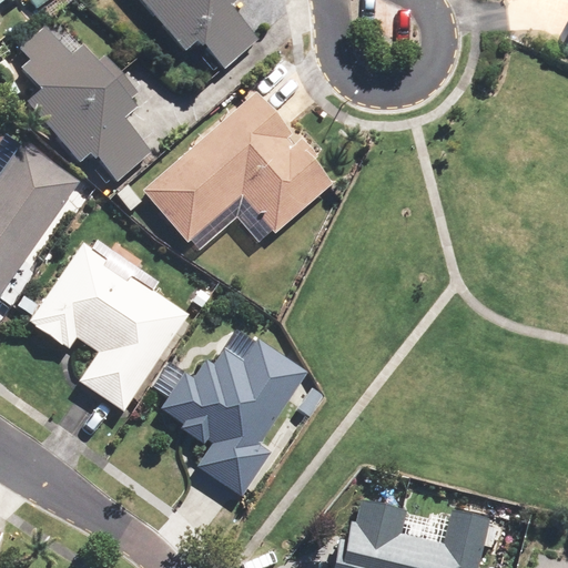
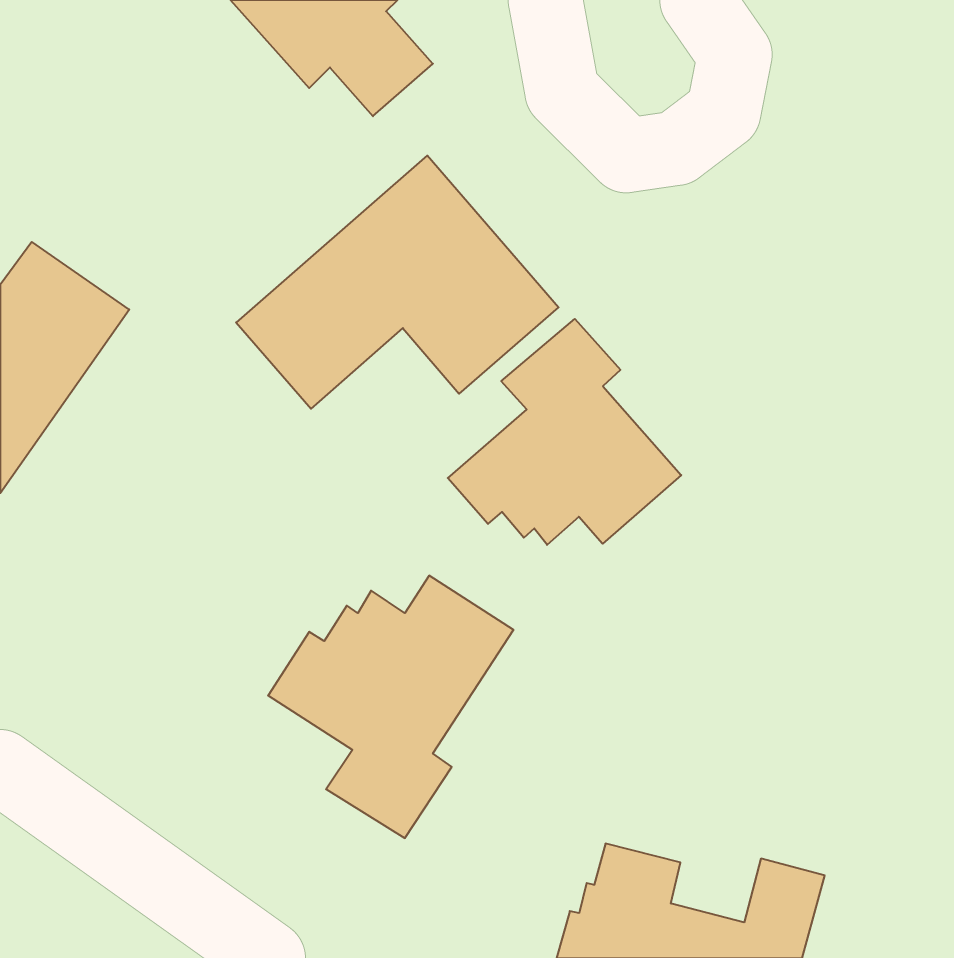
building: [19,27,151,182] -> none
building: none -> [448,319,681,545]
building: [30,243,187,408] -> none

